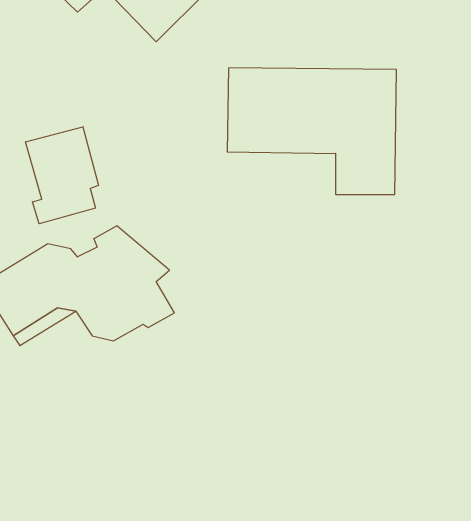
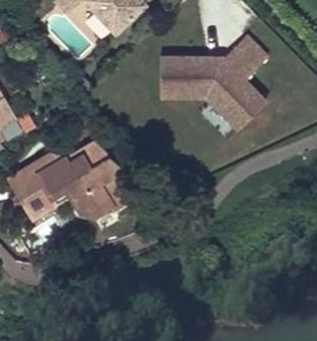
building: [26,127,98,224] -> none

